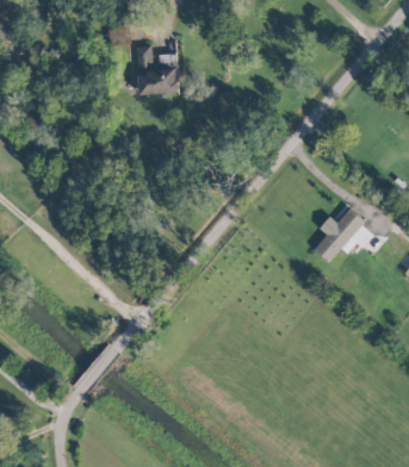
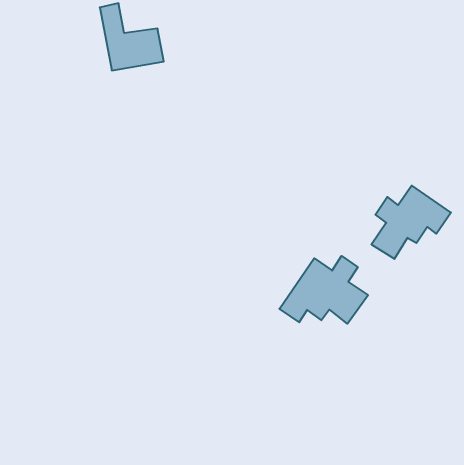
building: none -> [279,256,368,324]

